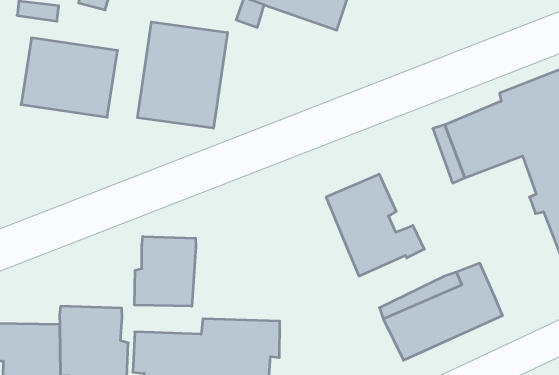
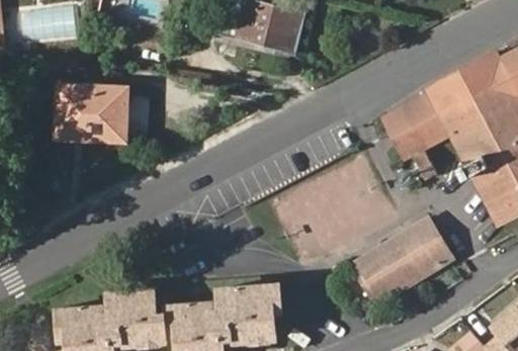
building: [137,22,227,128] -> none
building: [326,174,424,276] -> none
building: [135,236,196,306] -> none

